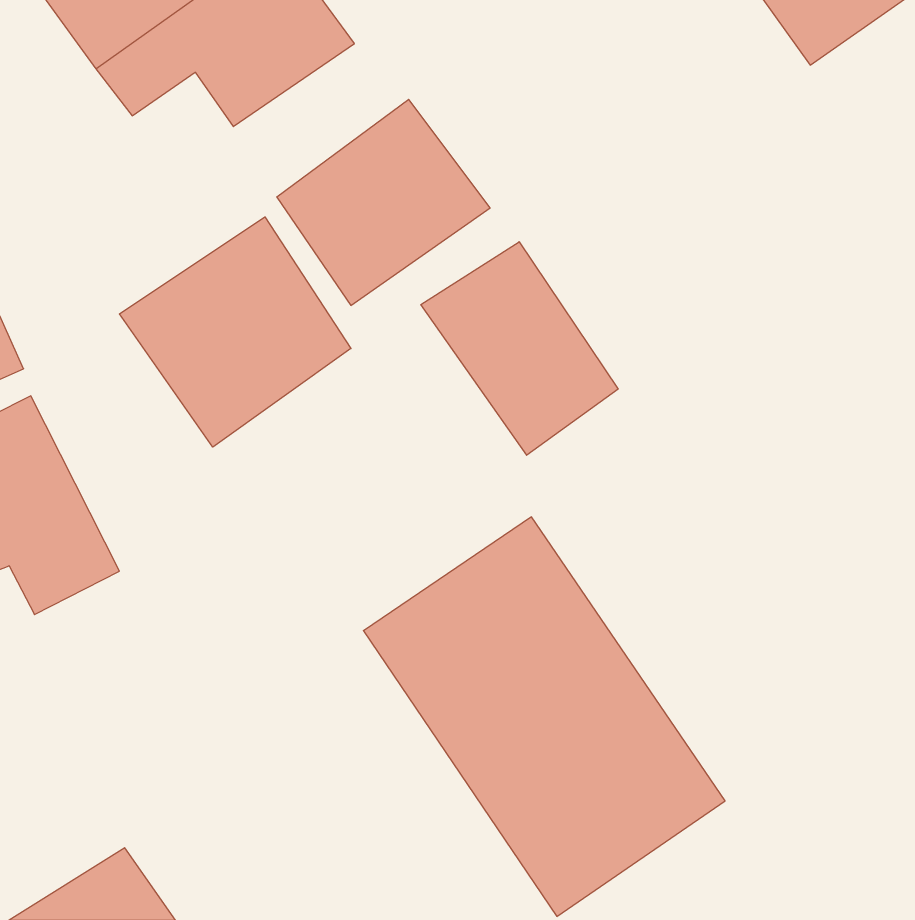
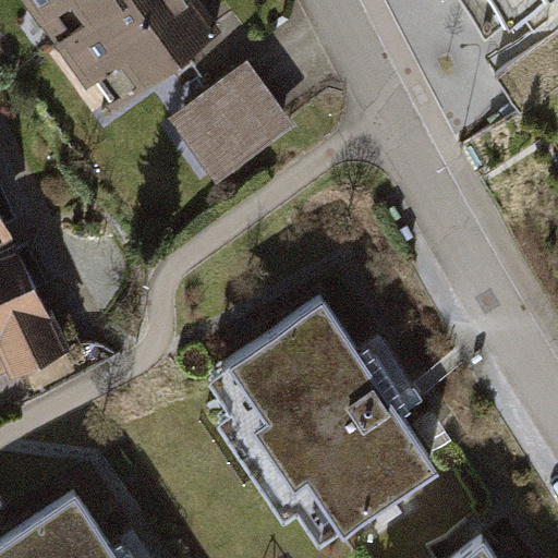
building: [119,217,351,447] -> none
building: [421,242,618,455] -> none

